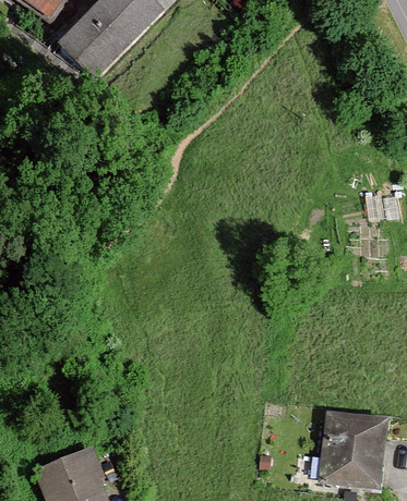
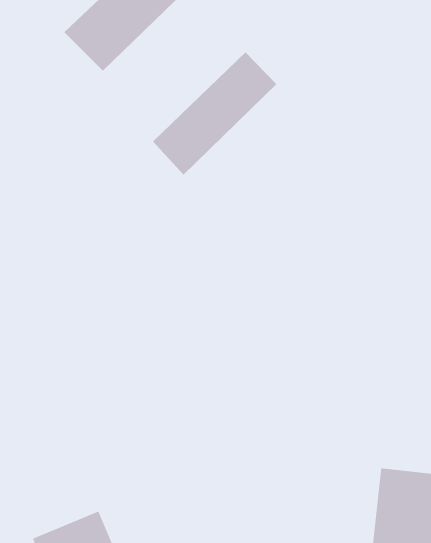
building: none -> [152,52,277,176]

